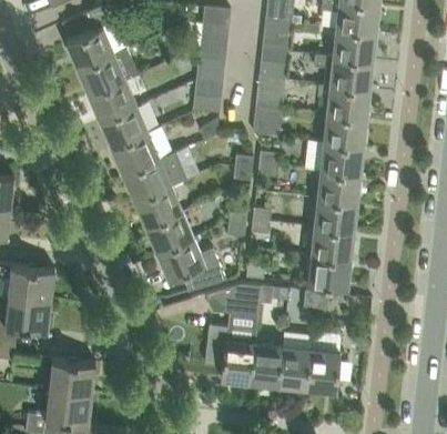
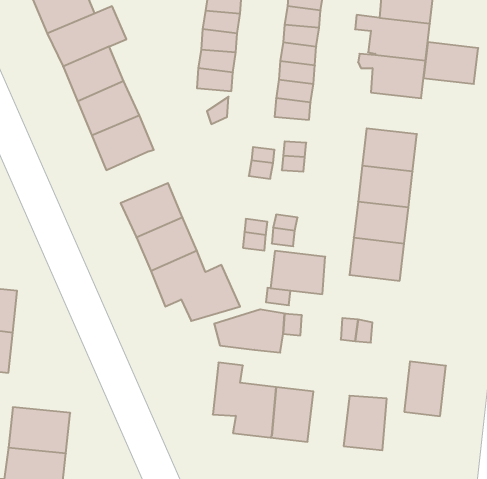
building: [324,115,366,148] -> [424,42,478,84]
building: [123,153,187,201] -> none
building: [307,256,349,290] -> [271,251,325,294]
building: [278,346,311,388] -> [404,361,446,416]

